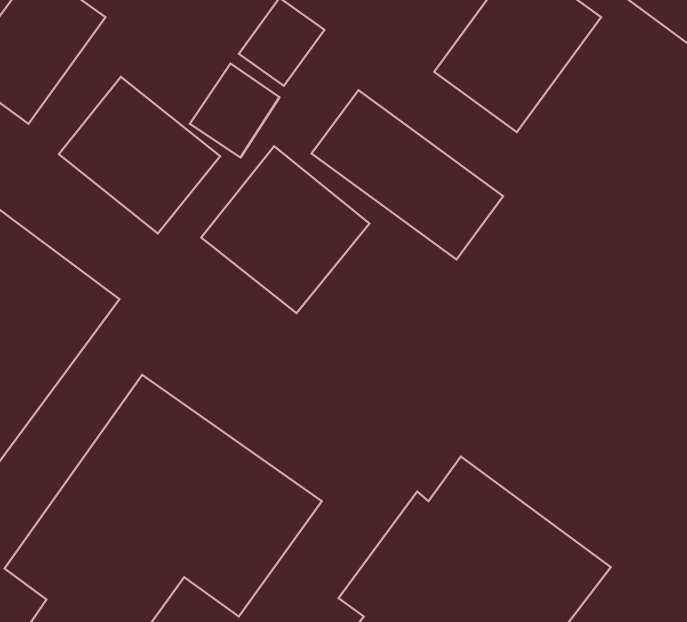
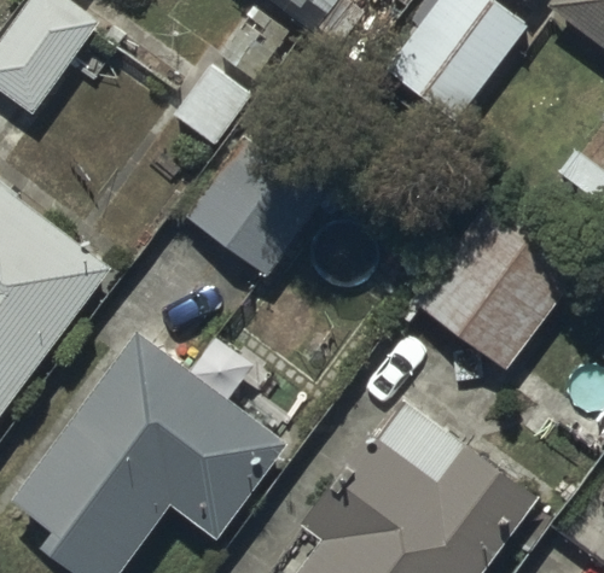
building: [59,77,220,234] -> none
building: [312,90,503,260] -> none
building: none -> [412,194,586,370]

